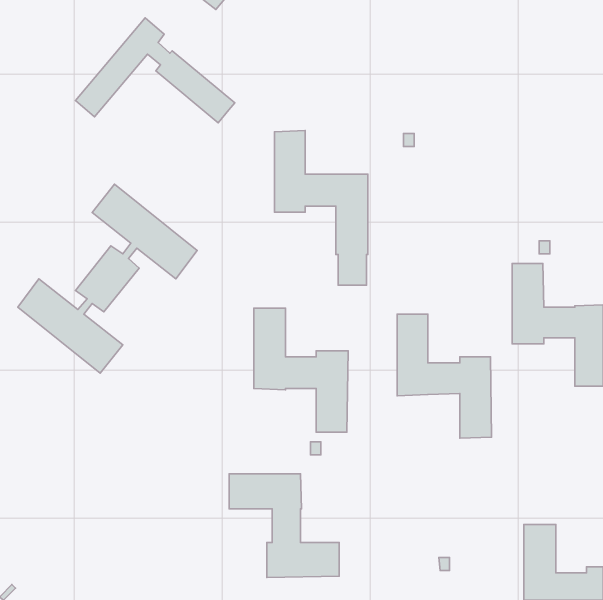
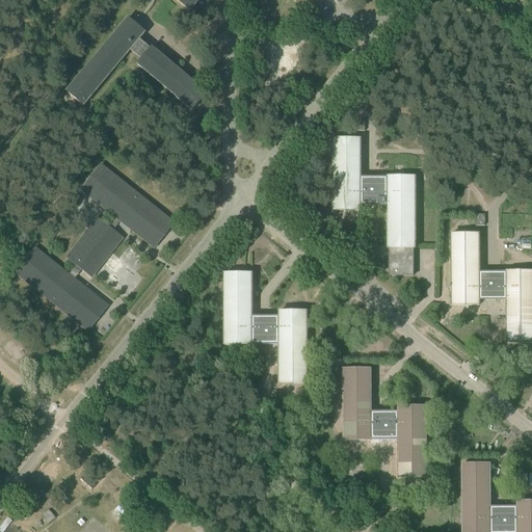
building: [275,131,368,285] -> [332,136,415,272]
building: [397,314,492,438] -> [343,367,426,476]
building: [229,474,339,577] -> none

